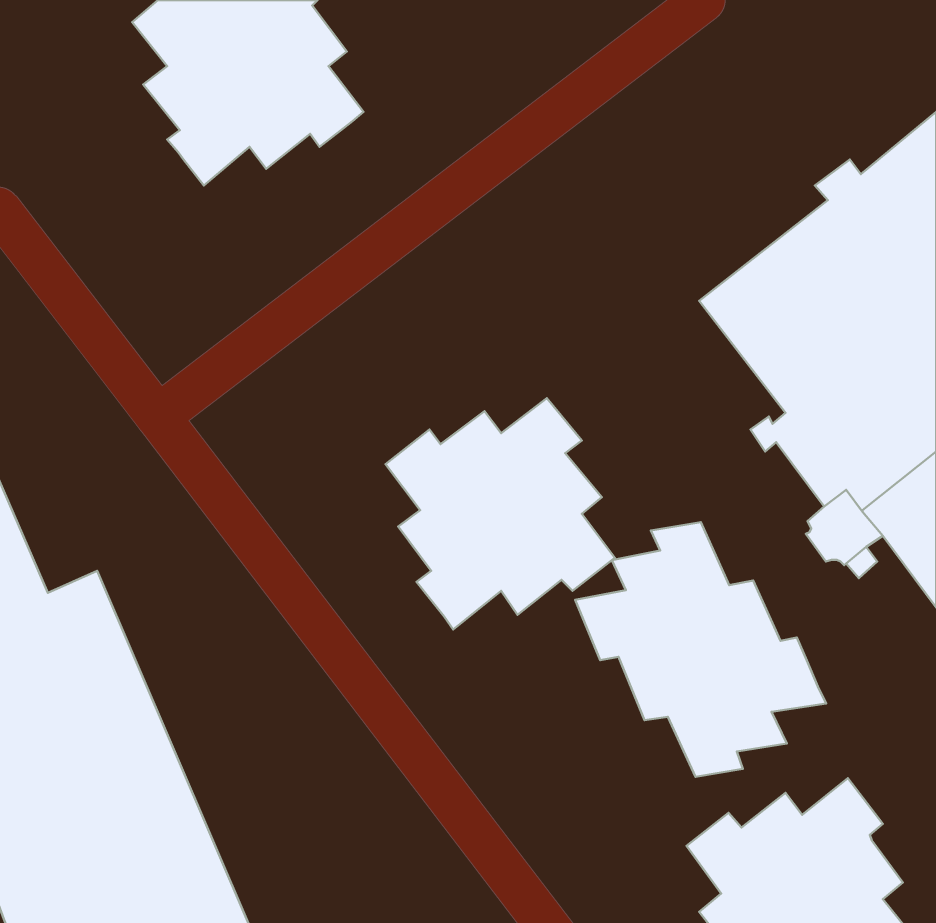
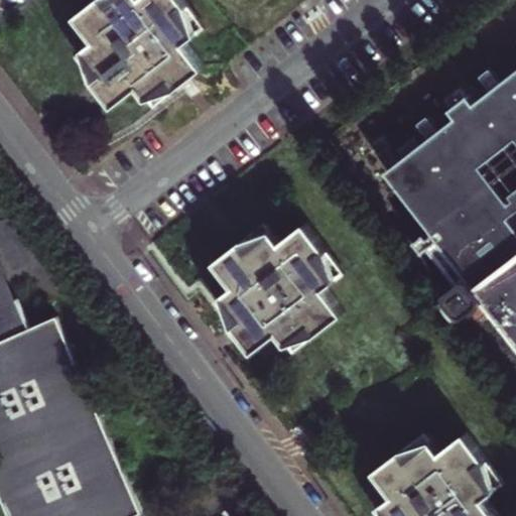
building: [575,522,826,777] -> none

